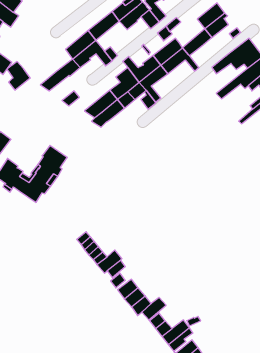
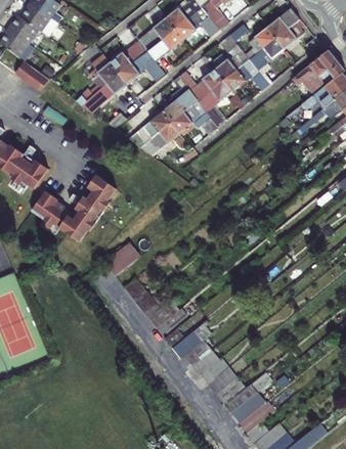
building: none -> [246,27,276,60]
building: none -> [147,29,184,62]
building: [7,62,30,90] -> [92,54,120,88]
building: none -> [104,242,139,276]

